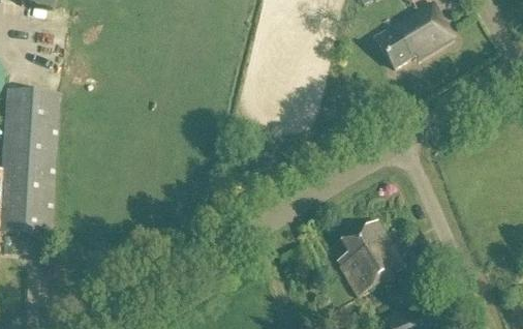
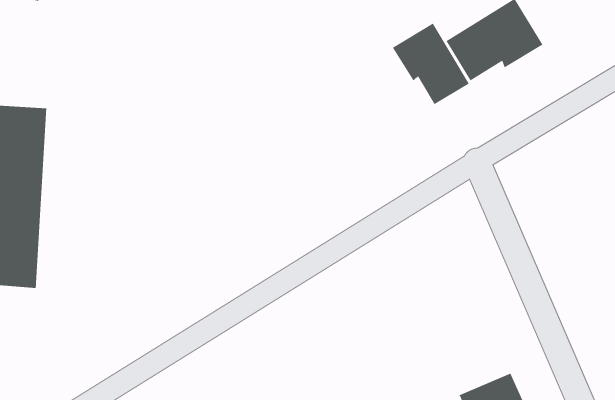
building: none -> [392,22,470,105]
building: [336,219,404,296] -> none

